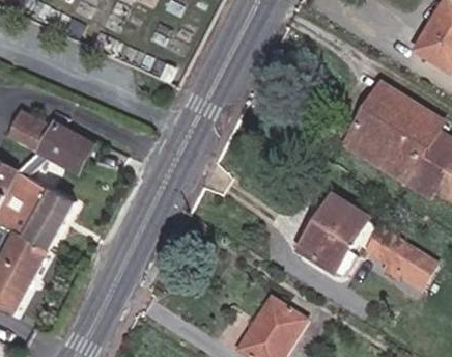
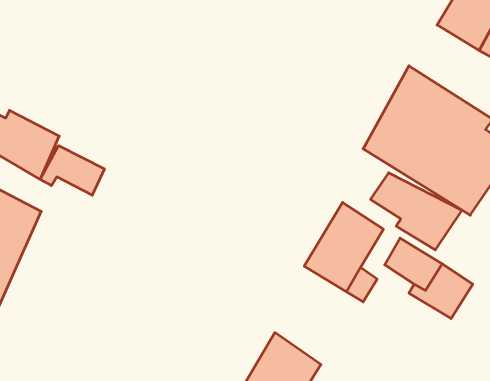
building: none -> [40,146,104,195]
building: none -> [371,173,462,250]

